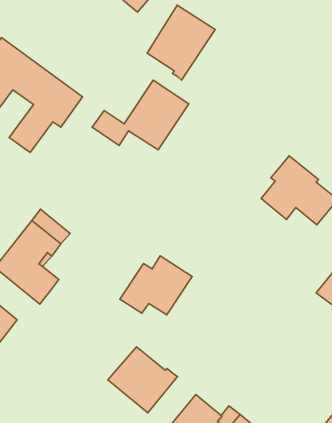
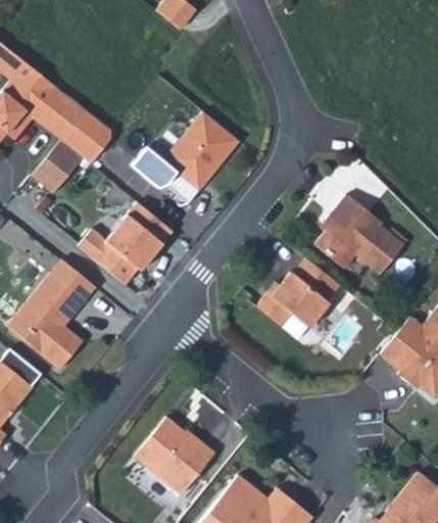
building: [147,5,215,80] -> none
building: none -> [71,197,165,284]
building: [120,256,192,315] -> [252,255,337,325]

